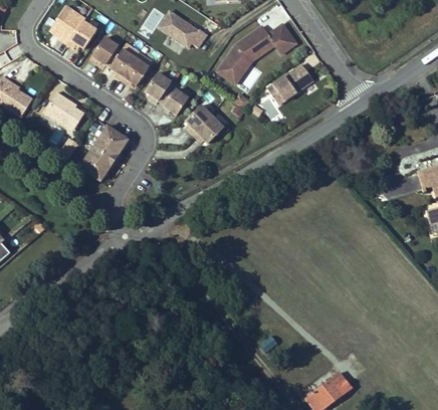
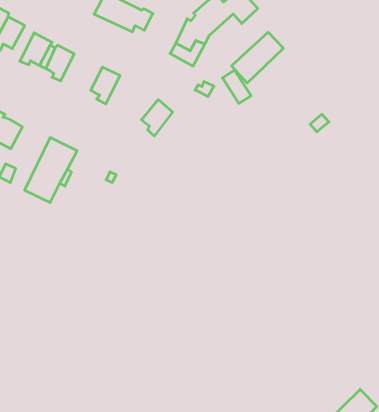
building: [122,58,150,85] -> none
building: [159,87,189,115] -> none
building: [194,118,224,144] -> none

